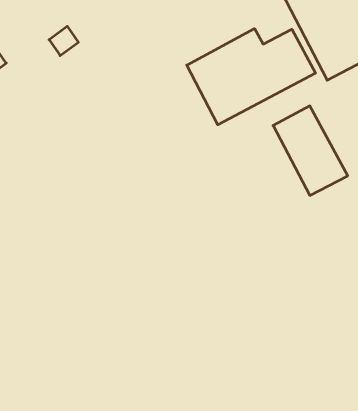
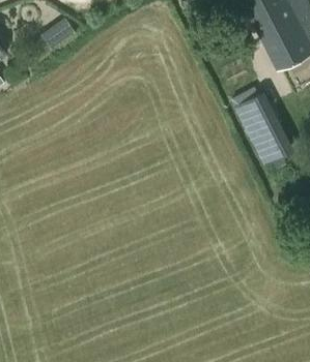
building: [187,29,315,125] -> none

